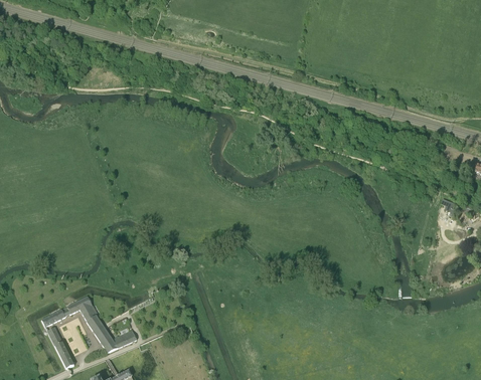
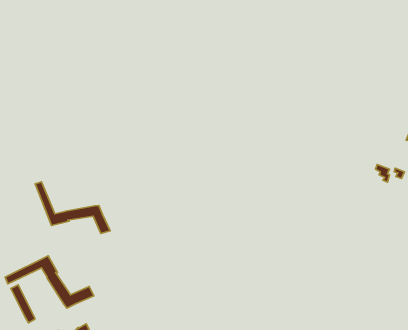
building: none -> [35,182,110,234]

